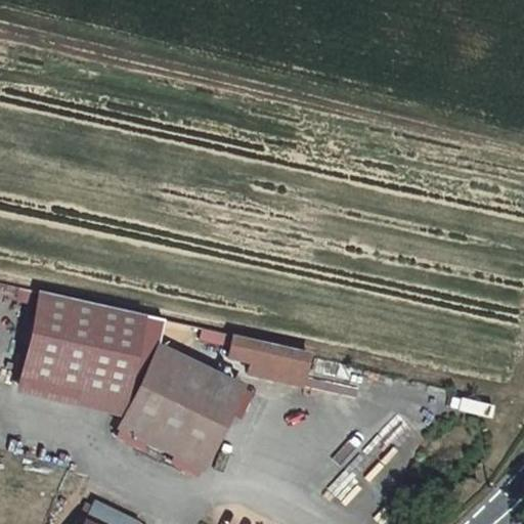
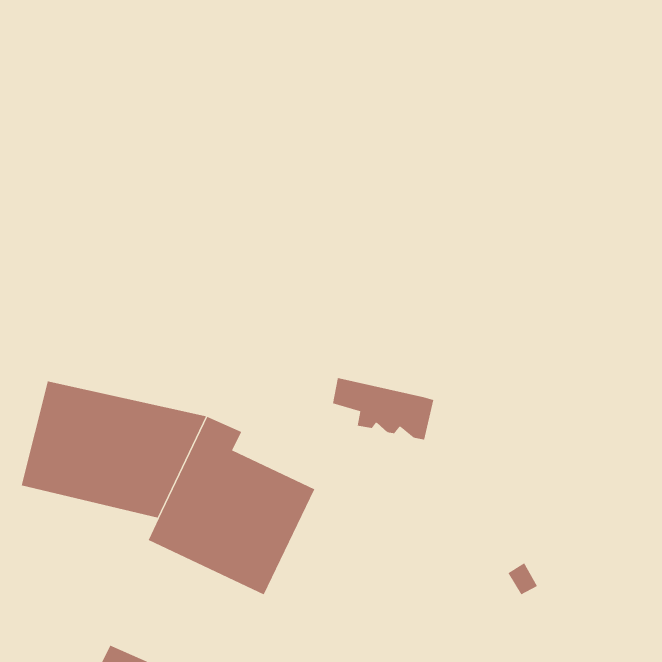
building: [234,337,314,386] -> [332,377,434,440]

